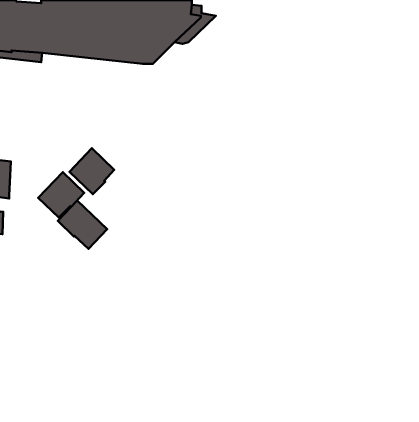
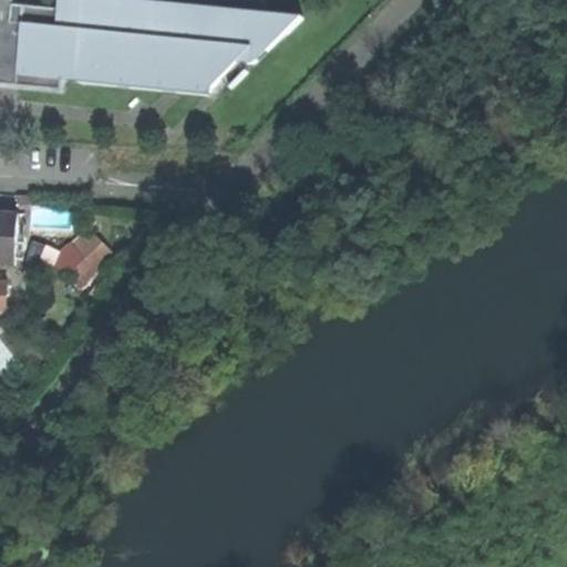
building: [69,148,114,194] -> none
building: [58,201,107,249] -> none

